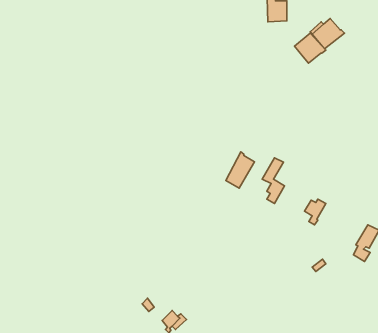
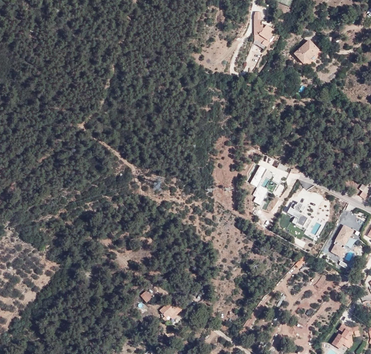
building: [295,33,326,63] -> none
building: [226,152,254,188] -> none

